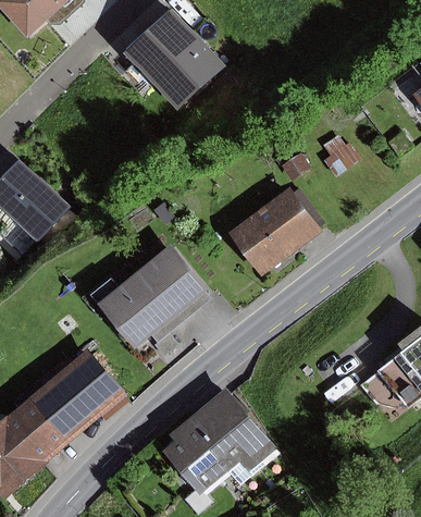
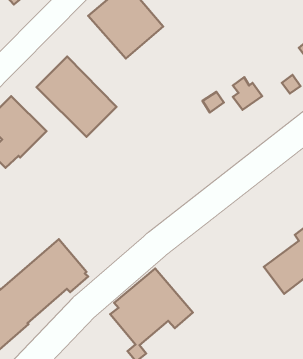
building: none -> [37,56,116,137]
building: [228,186,322,275] -> none
building: [90,243,208,347] -> none

